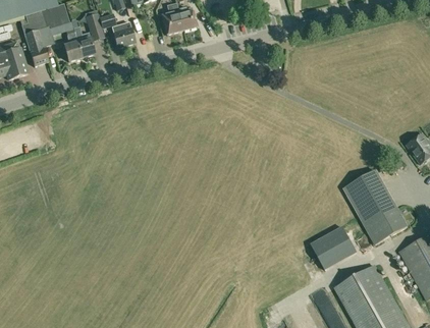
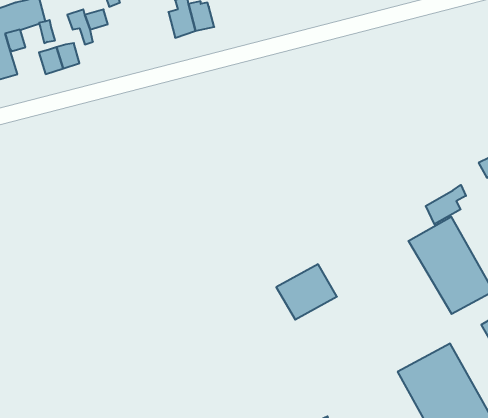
building: [110,21,135,47] -> none
building: none -> [426,185,466,224]
building: [310,226,356,268] -> [276,264,337,320]

